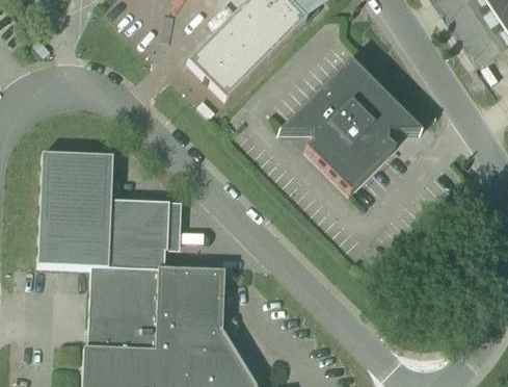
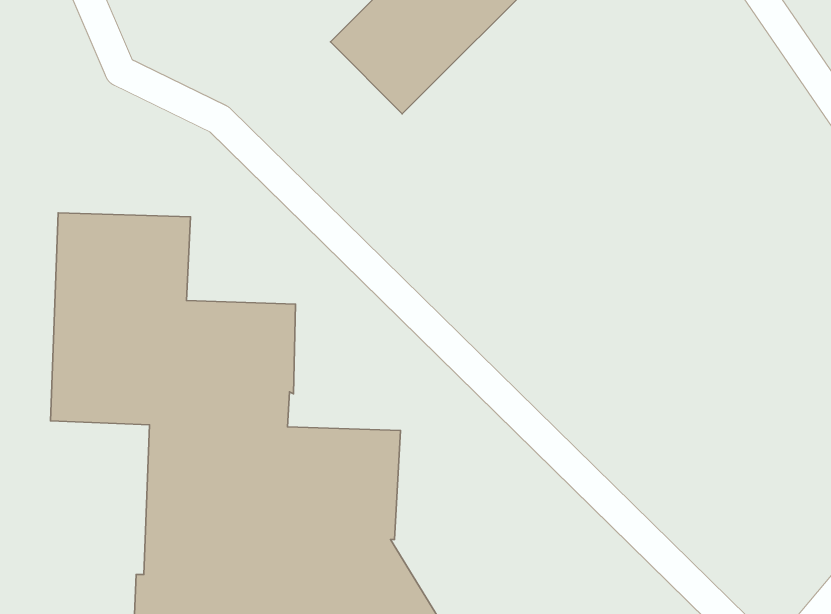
building: [278,58,423,191] -> none

